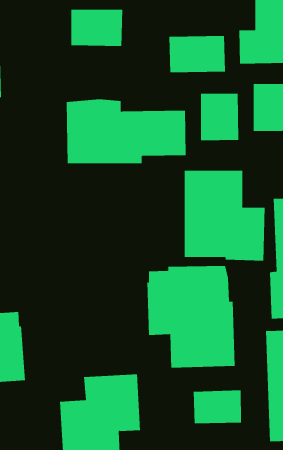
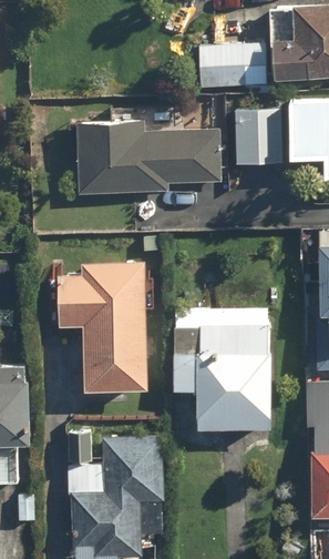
building: [71,9,123,47] -> none
building: [184,170,265,261] -> none
building: none -> [59,260,152,392]
building: [193,389,241,424] -> none

